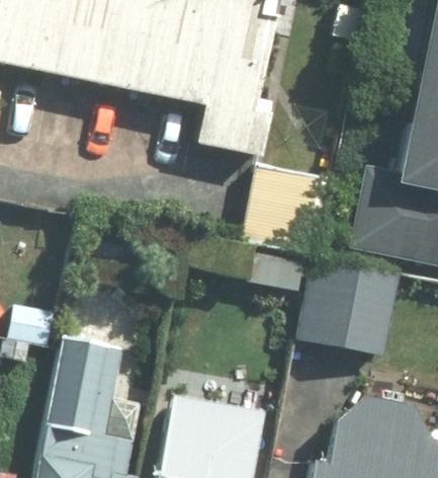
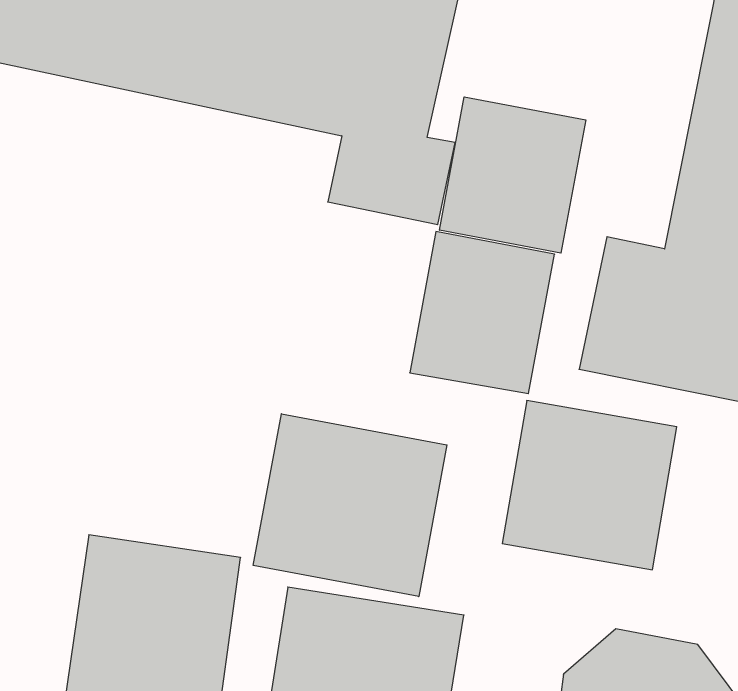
building: none -> [440,97,586,253]
building: none -> [253,414,447,597]

